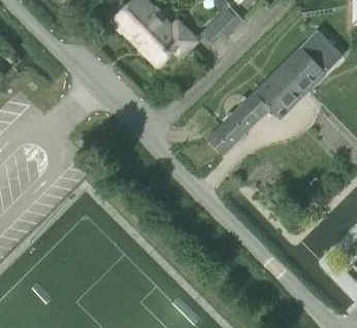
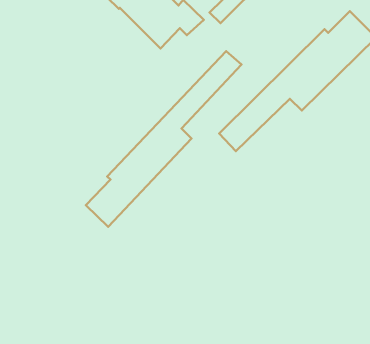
building: none -> [86,51,241,227]

